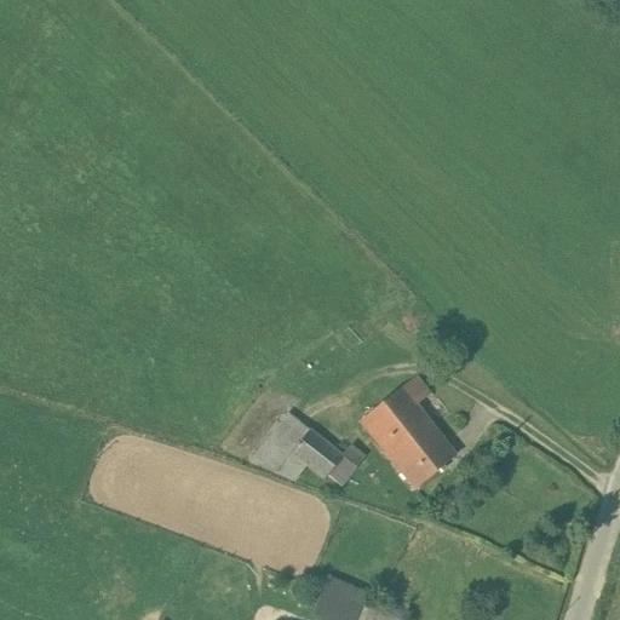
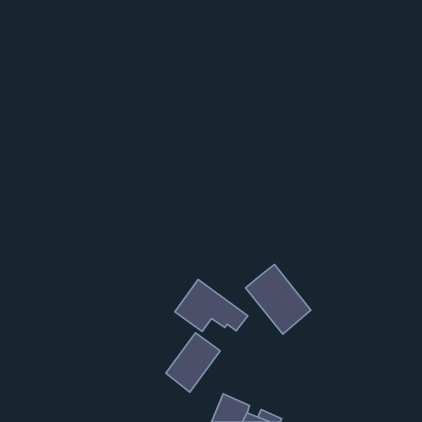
building: none -> [166,333,220,392]

